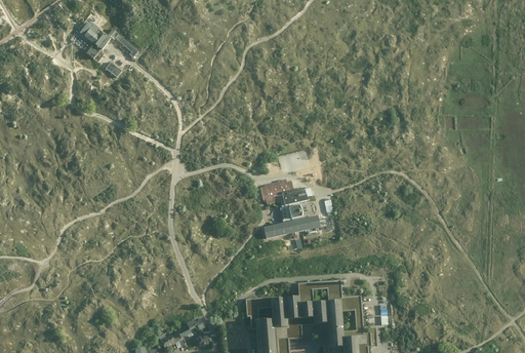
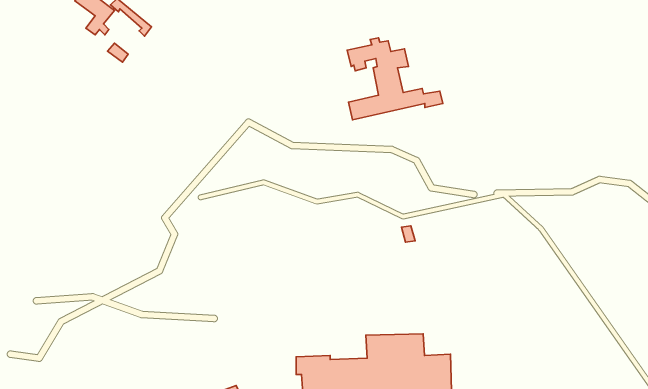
building: [261,179,333,240] -> [347,38,443,120]

